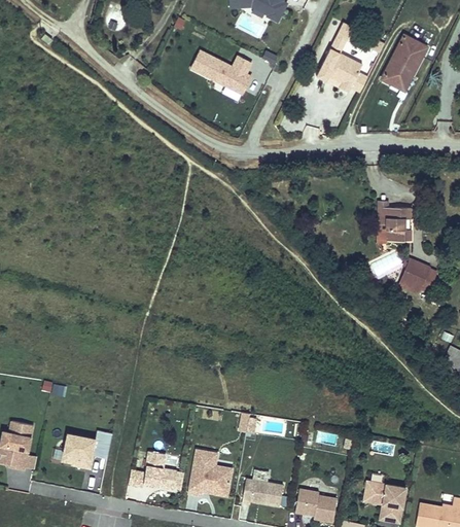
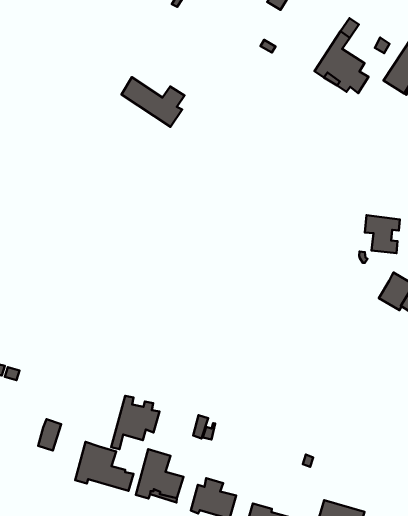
building: [192,50,252,94] -> [121,77,185,127]
building: none -> [111,396,159,449]
building: [62,432,95,466] -> none

